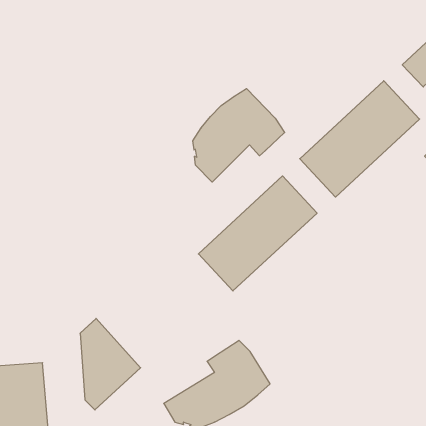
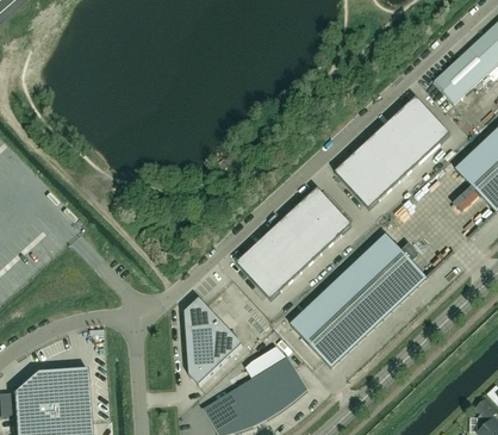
building: [193,89,285,182] -> none
building: none -> [291,234,427,366]
building: [80,318,141,410] -> [185,296,243,384]

